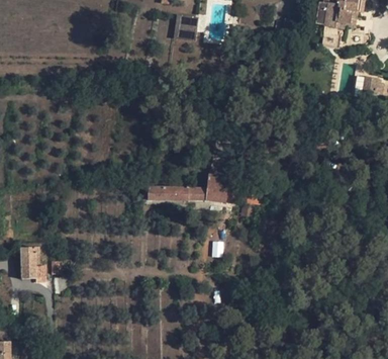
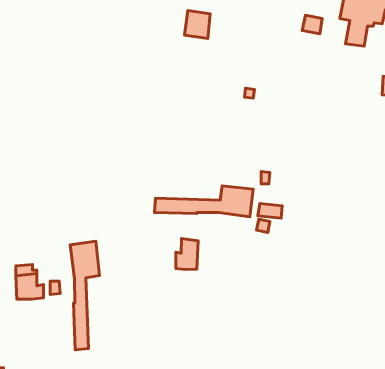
building: none -> [176,238,198,269]
building: none -> [70,241,99,350]

